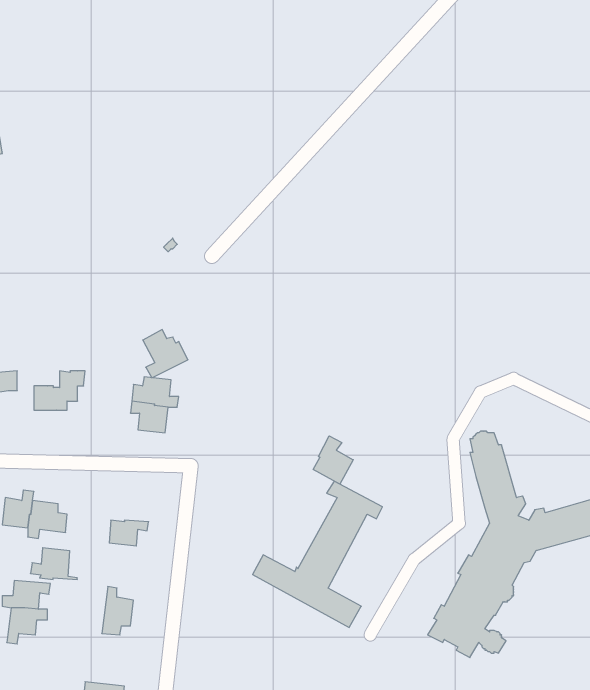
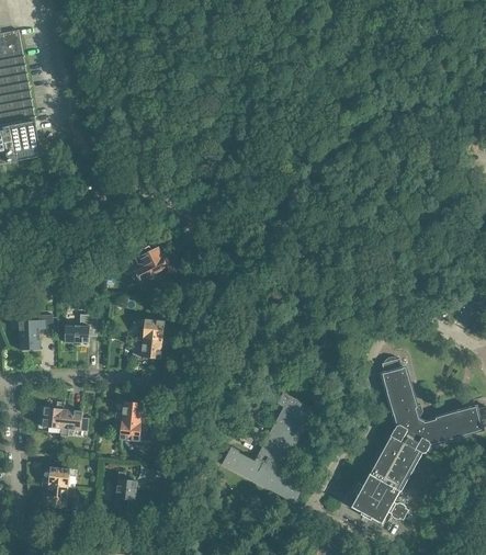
building: [143,330,188,378] -> [133,245,166,280]
building: [313,436,353,484] -> none
building: [30,548,77,579] -> [114,400,148,423]

